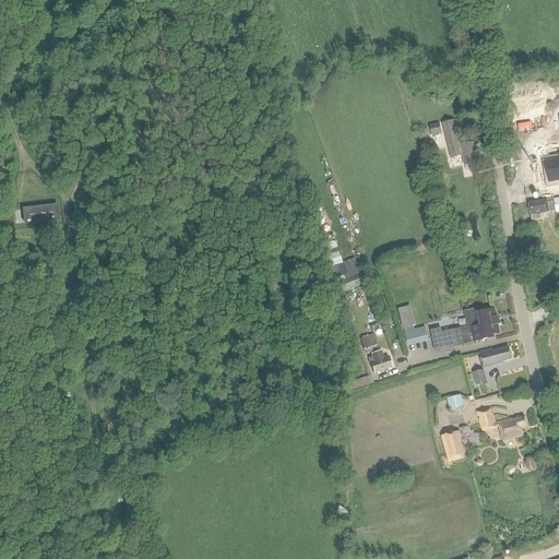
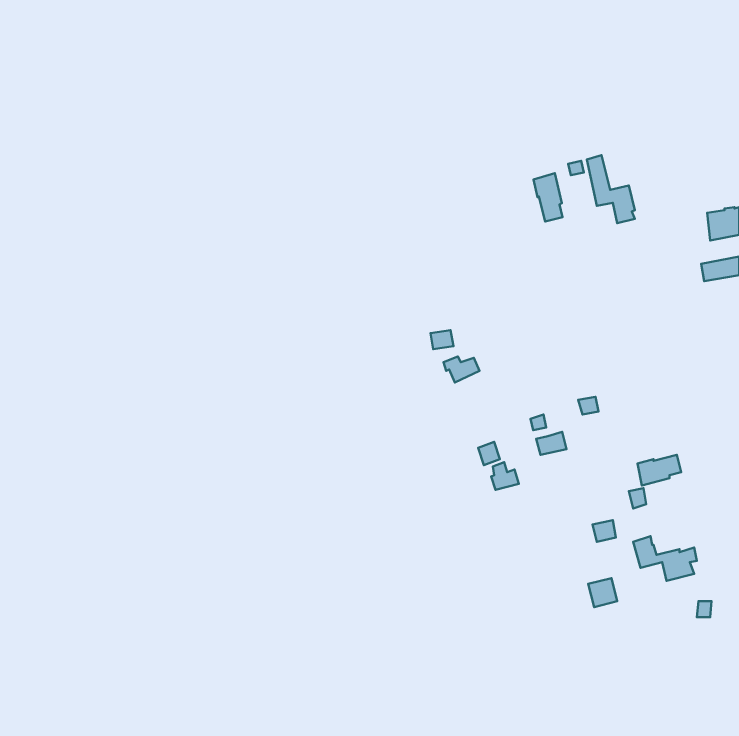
building: none -> [534,173,562,222]
building: [22,202,57,221] -> none
building: [429,306,499,348] -> none

